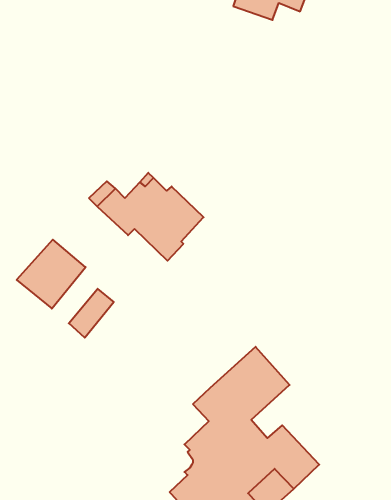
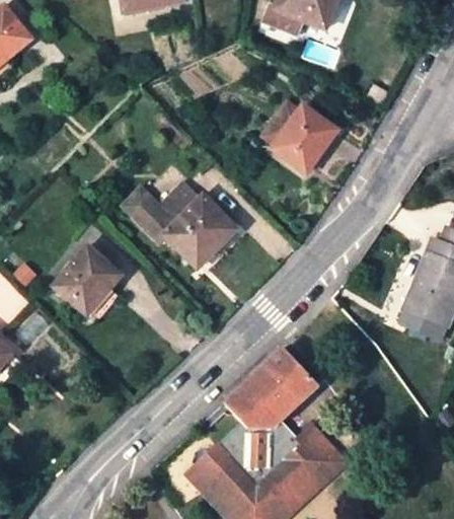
building: none -> [274,105,336,170]
building: [69,289,114,338] -> none
building: none -> [185,442,223,488]

